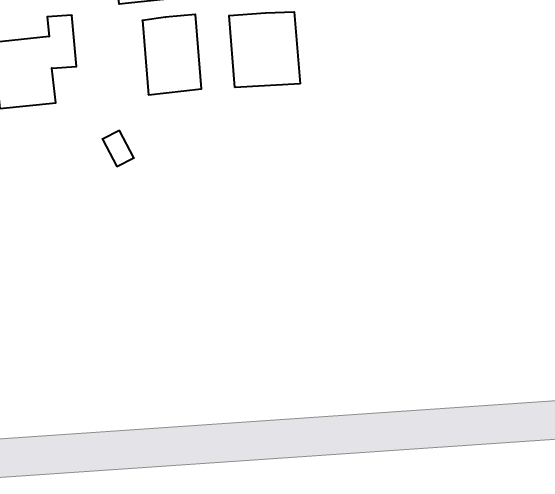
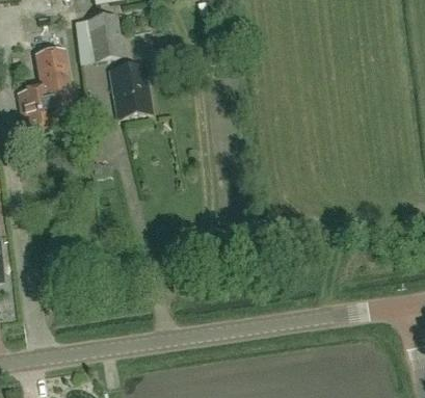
building: [229,12,300,87] -> none

